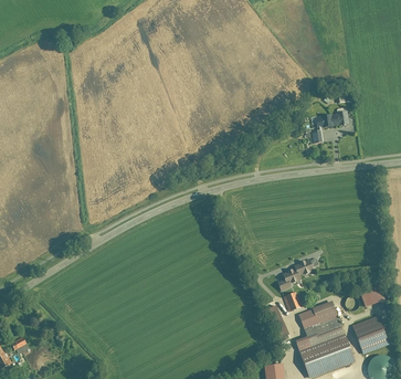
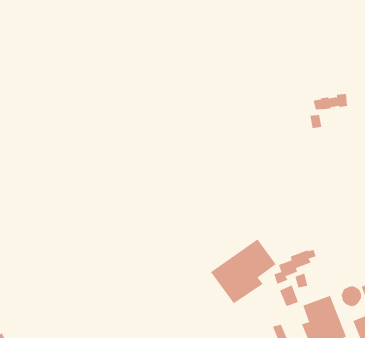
building: none -> [210,238,276,304]

